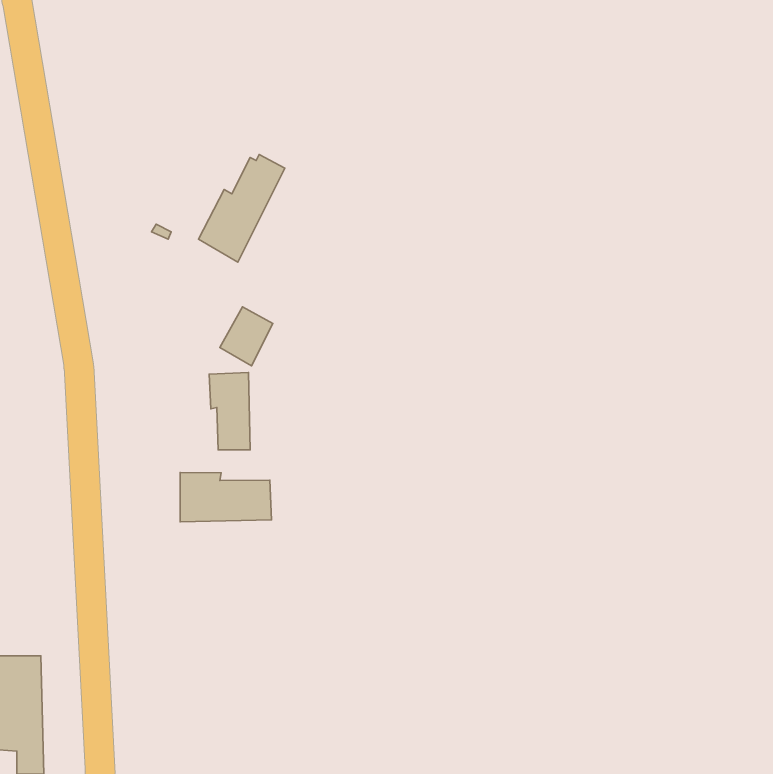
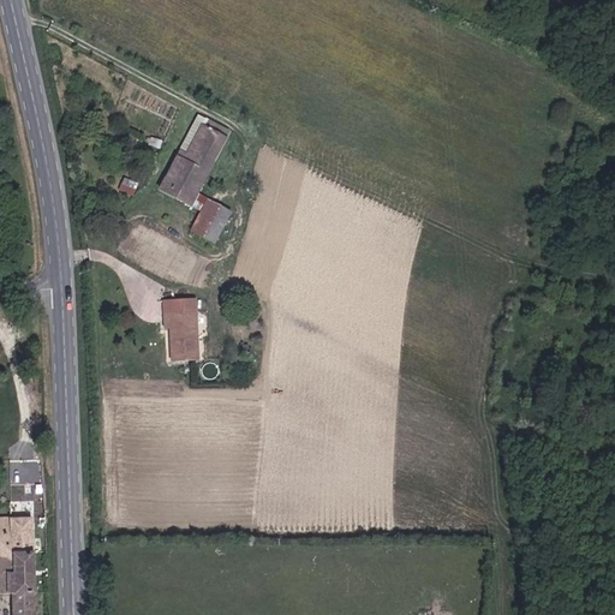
building: [220,307,273,366] -> [189,199,231,246]
building: [180,473,271,522] -> none

